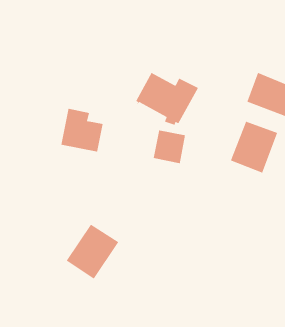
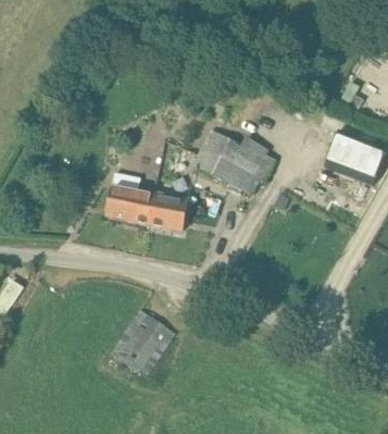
building: [230,121,278,173] -> none
building: [153,130,186,164] -> [150,190,189,231]

